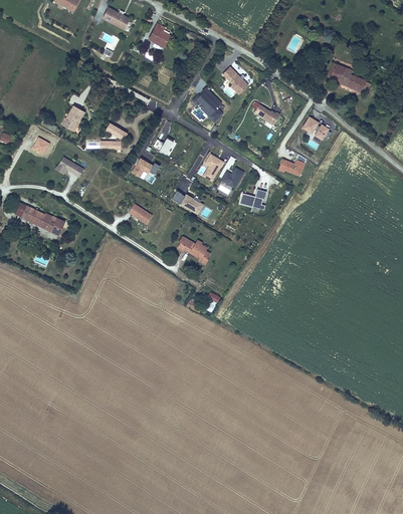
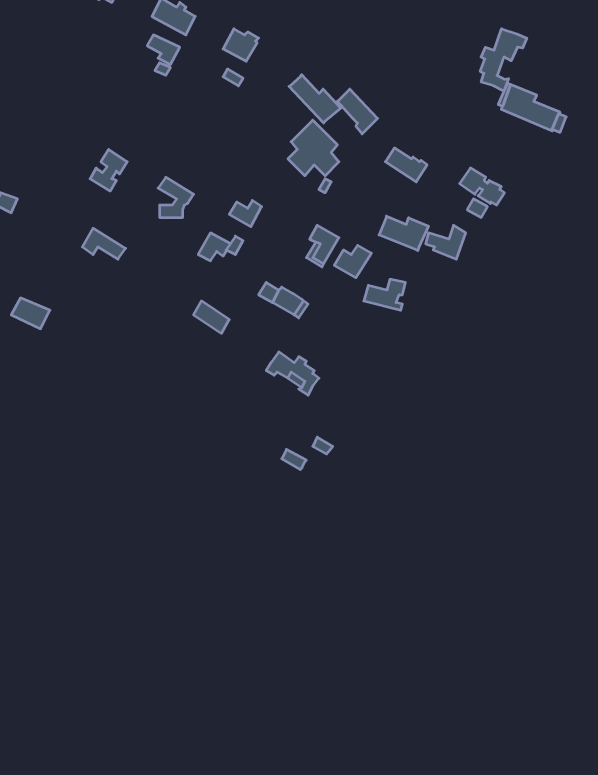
building: none -> [480,29,527,91]
building: none -> [289,75,341,123]
building: none -> [379,216,428,251]
building: [29,209,66,235] -> none

